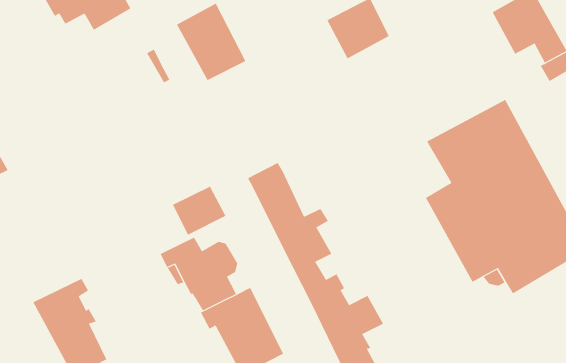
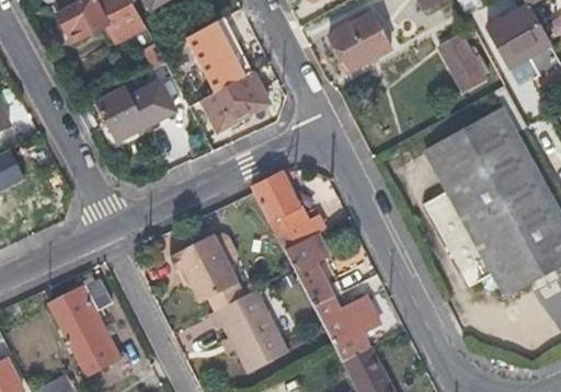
building: none -> [436,32,490,92]
building: none -> [202,73,267,130]
building: none -> [94,76,176,140]
building: [172,186,226,235] -> none

